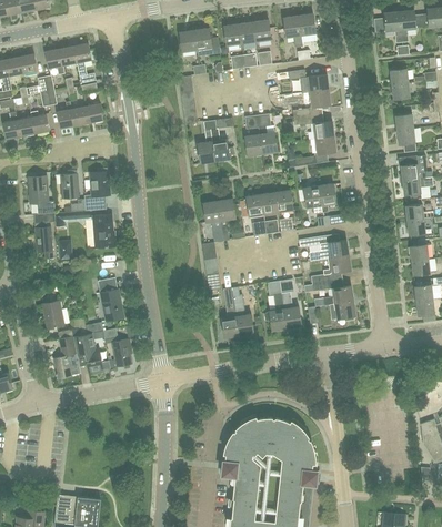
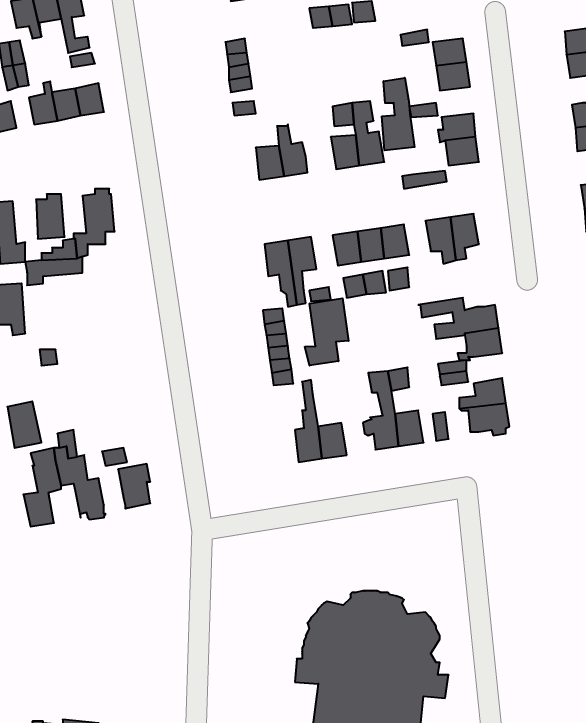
building: none -> [382,78,415,150]
building: [92,214,113,247] -> none
building: none -> [305,298,349,366]
building: [99,278,124,321] -> none

